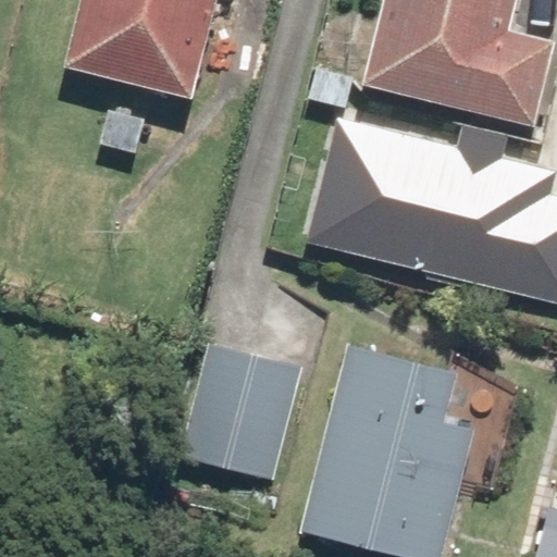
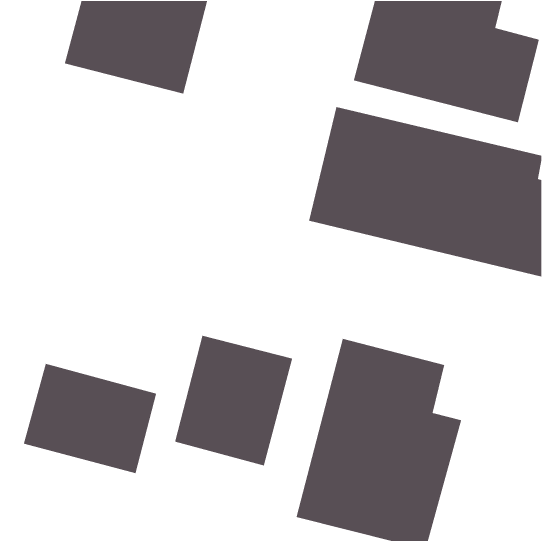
building: none -> [23,363,157,474]

